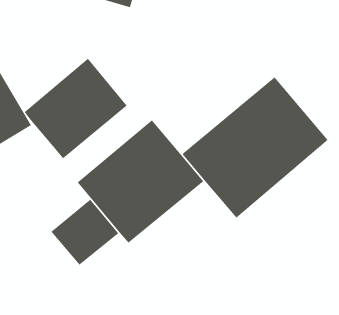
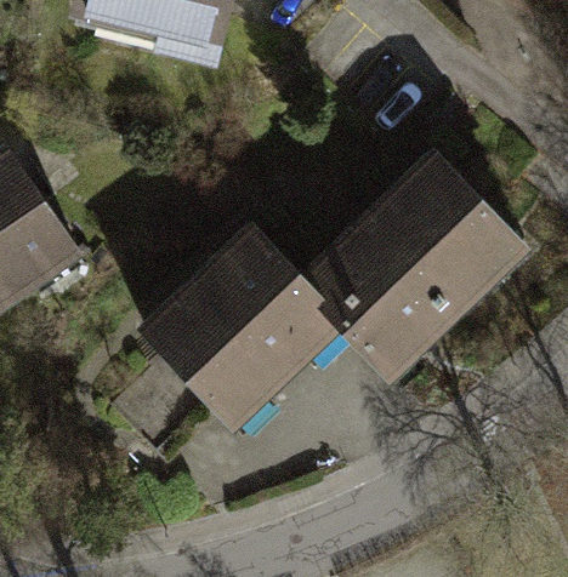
building: [24,58,128,159] -> none

